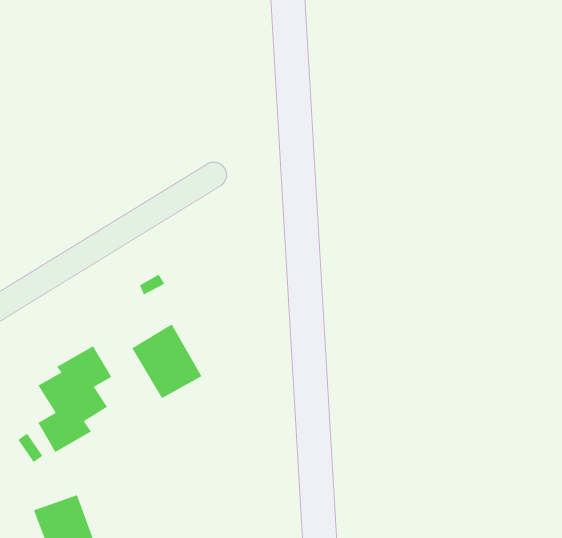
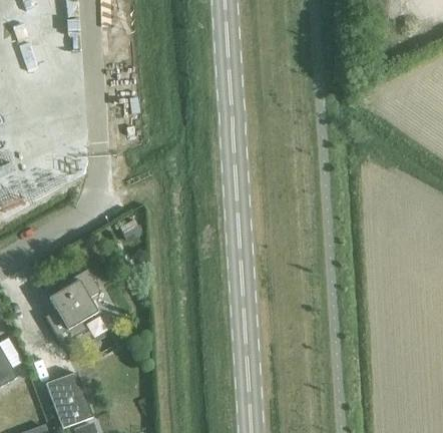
building: [131,324,202,399] -> none

